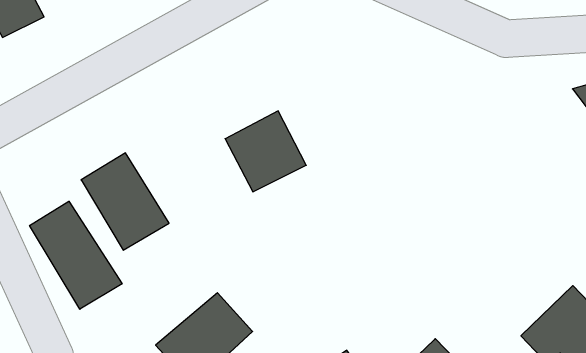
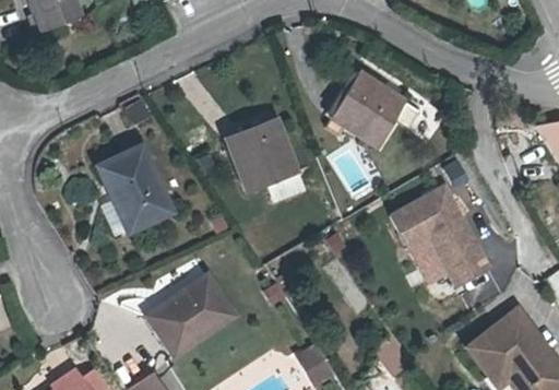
building: none -> [320,68,405,139]
building: none -> [391,188,489,286]
building: [30,201,122,309] -> none

